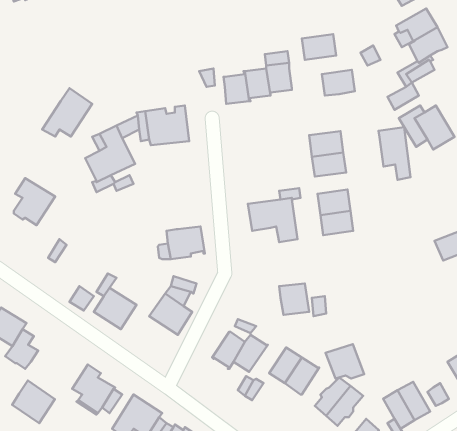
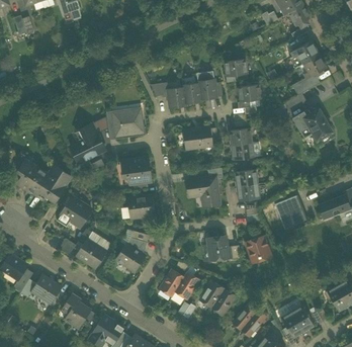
building: [42,88,92,137] -> [35,165,71,199]
building: [378,127,411,180] -> none
building: none -> [183,127,212,149]
building: none -> [121,158,151,184]
building: none -> [274,195,307,231]
building: none -> [57,196,91,227]
building: [326,344,364,378] -> [245,236,272,260]
building: [12,381,55,423] -> [31,274,62,305]

